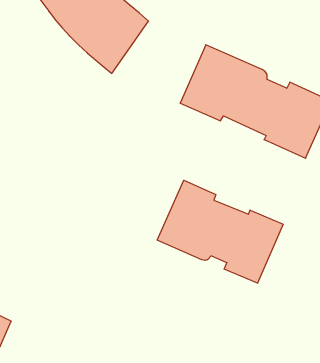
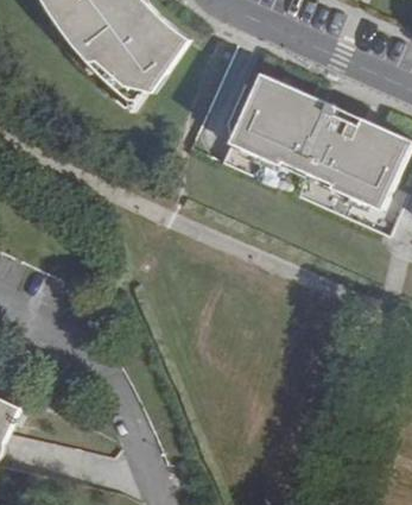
building: [157,180,283,283] -> none

